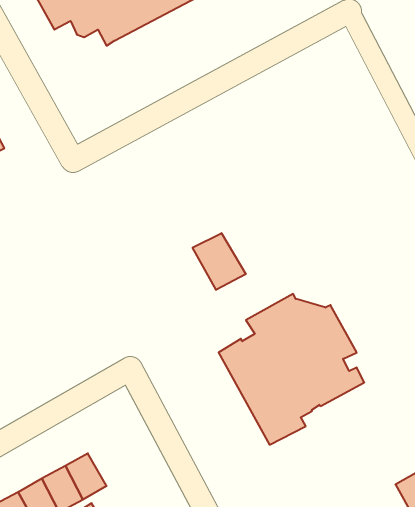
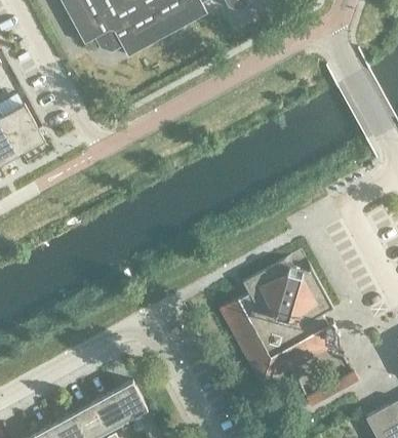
building: [193,233,246,290] -> none
building: none -> [112,381,148,419]

